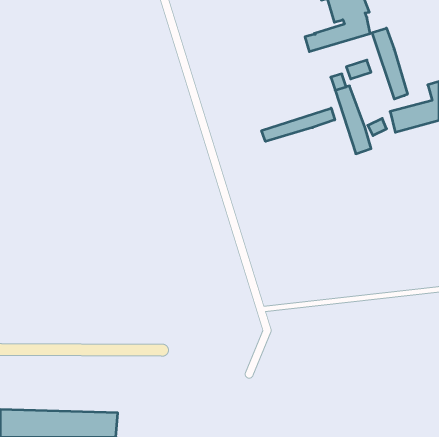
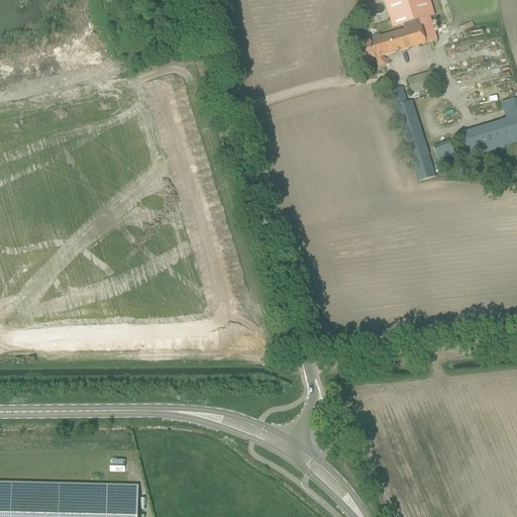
building: [372,28,407,99] -> none
building: [262,108,335,141] -> none

